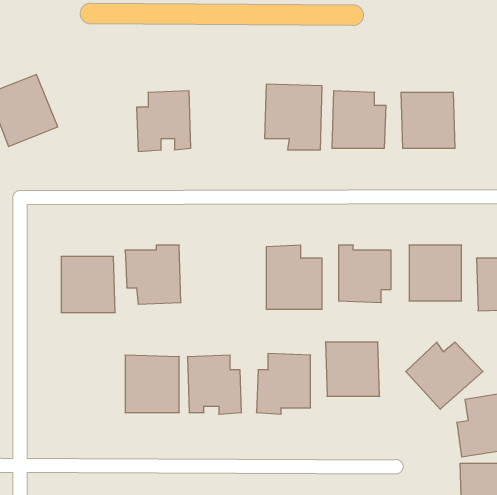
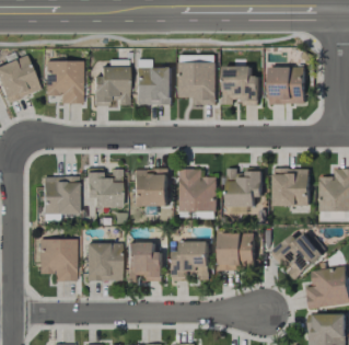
building: none -> [44,60,82,103]
building: none -> [135,67,171,104]
building: none -> [132,169,167,206]
building: none -> [37,239,75,281]

